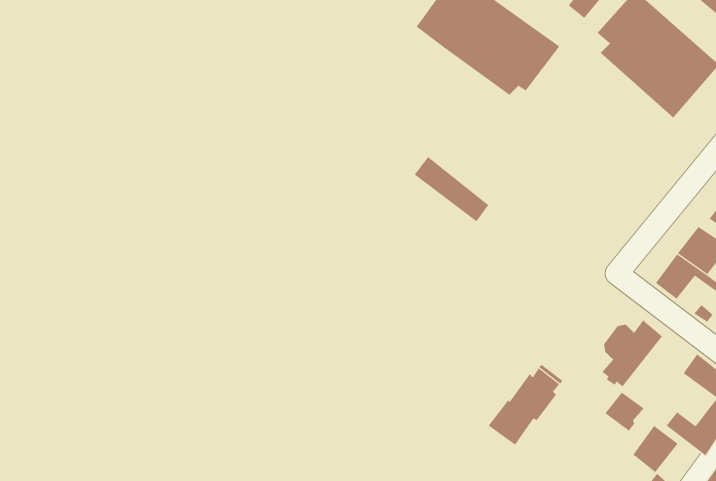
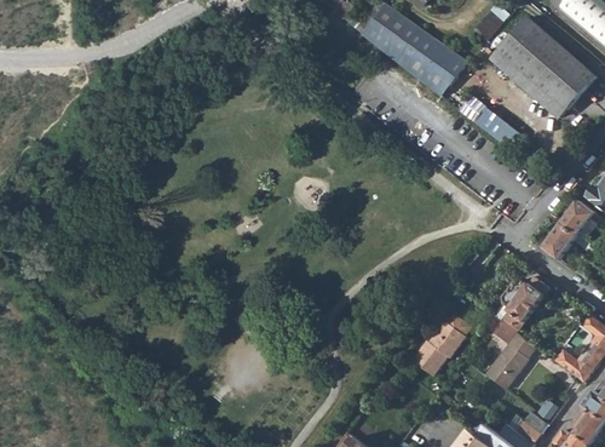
building: [414,156,489,222] -> [460,94,519,147]
building: [632,425,679,473] -> [486,350,523,388]

